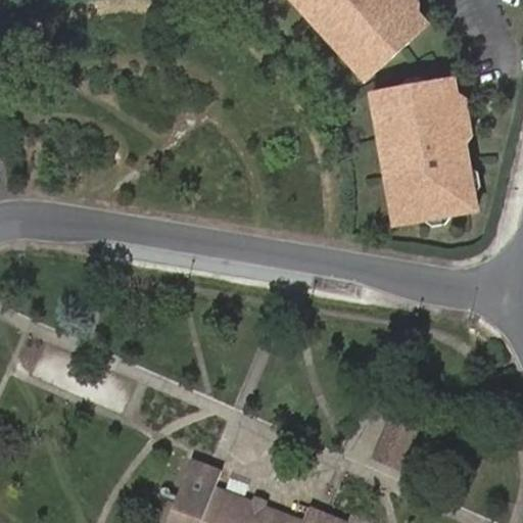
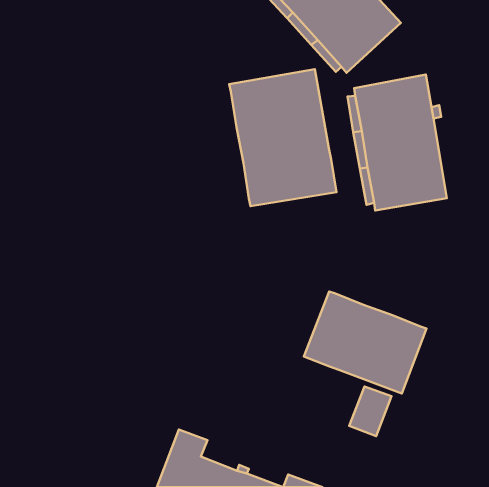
building: none -> [229,69,337,206]
building: none -> [304,292,427,394]

